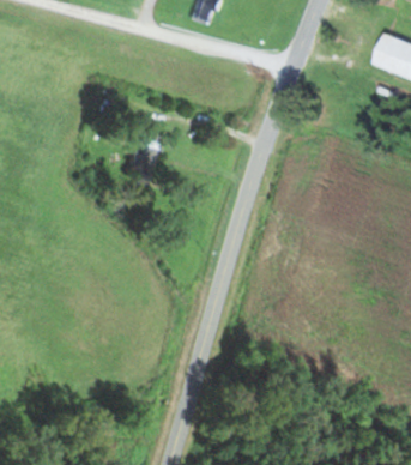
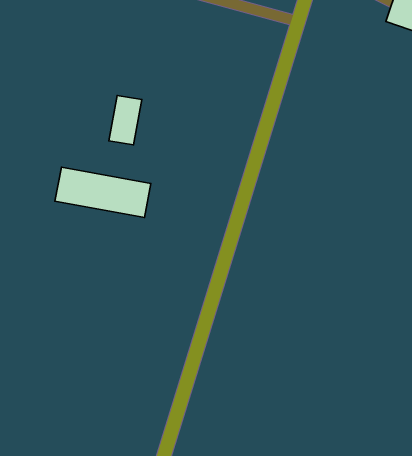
building: none -> [55,167,151,218]

